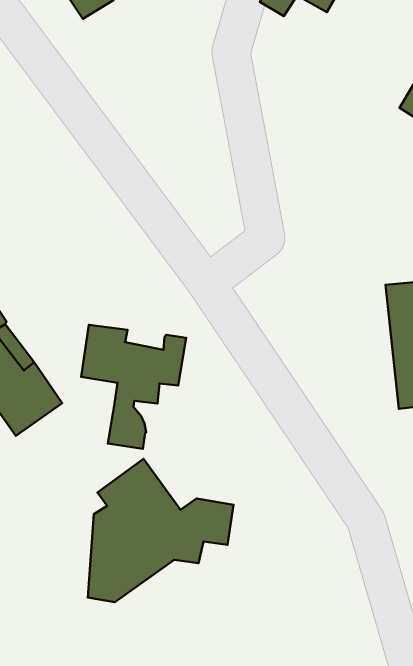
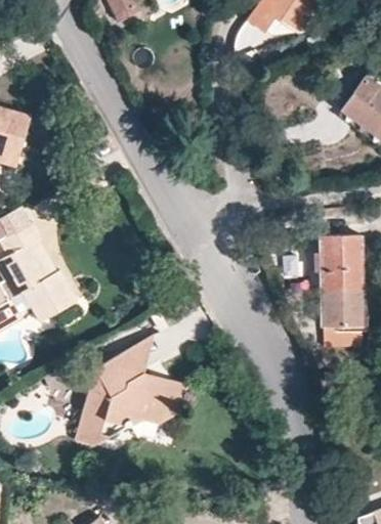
building: [81,325,186,449] -> none

